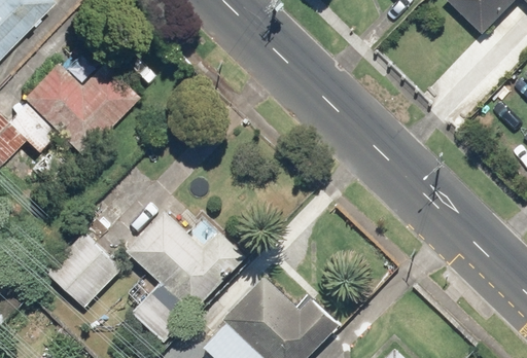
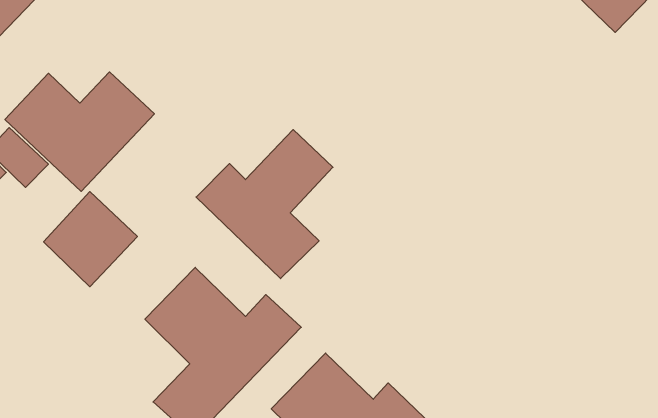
building: none -> [196,130,333,279]
building: [48,235,119,307] -> [44,192,137,287]

